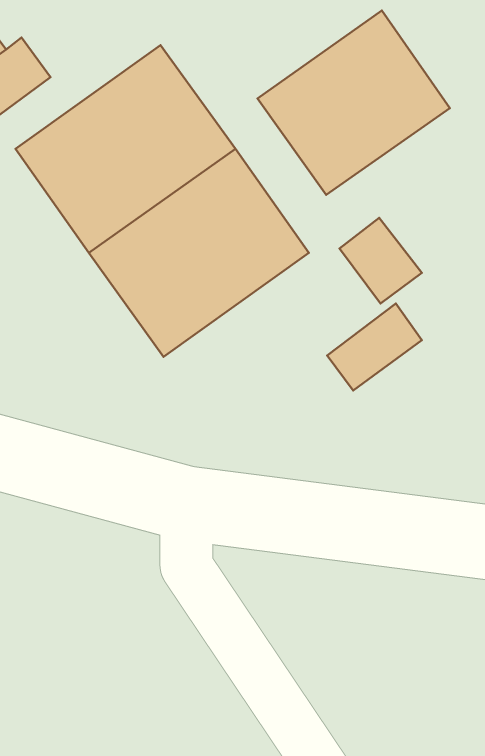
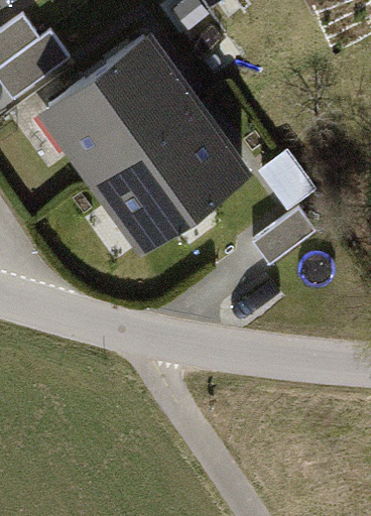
building: [258,10,450,195] -> none

